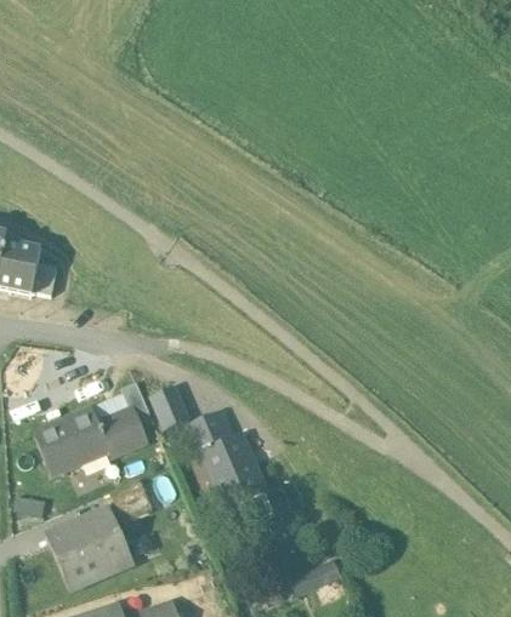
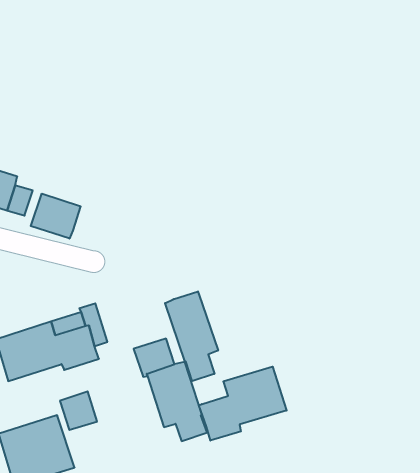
building: none -> [31,194,81,239]
building: none -> [165,291,218,381]
building: [149,385,188,430] -> none
building: none -> [199,367,287,441]

